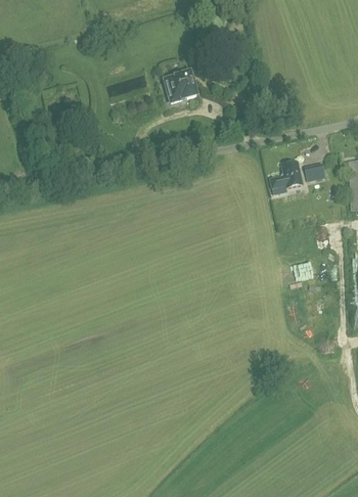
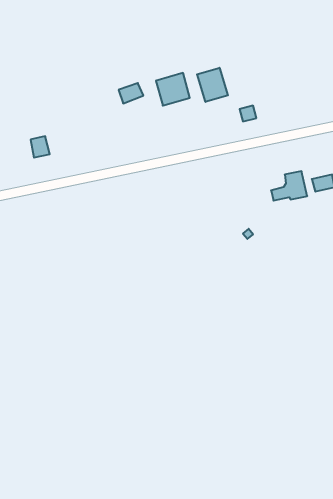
building: none -> [197,68,228,102]

